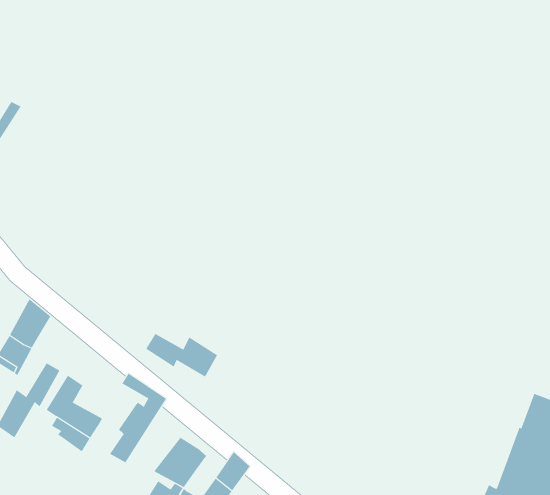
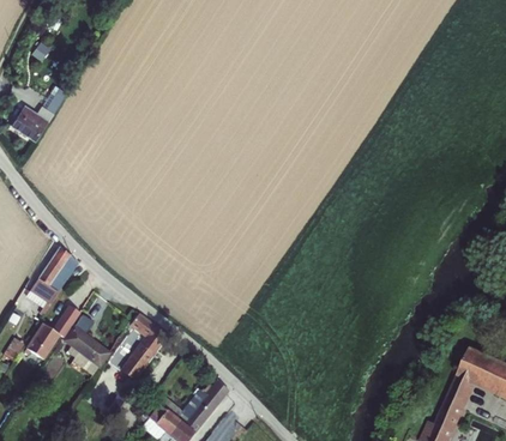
building: [145,333,218,377] -> none
building: [154,437,207,488] -> none

